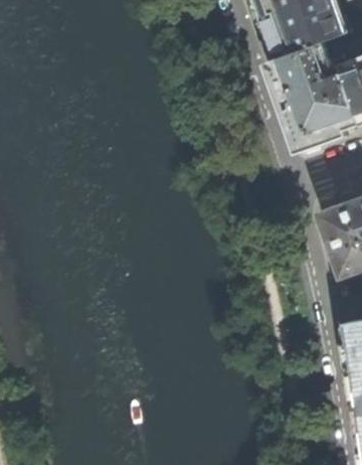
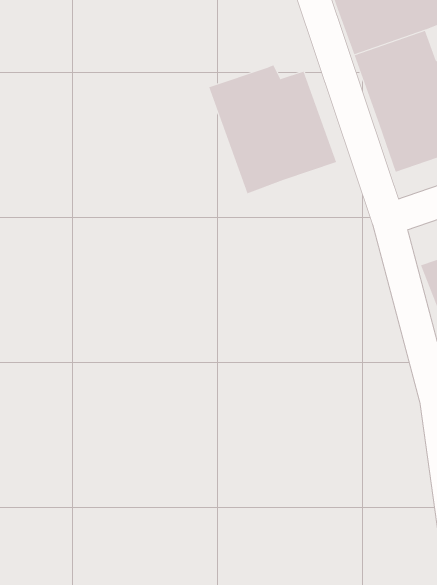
building: none -> [209,65,337,194]

